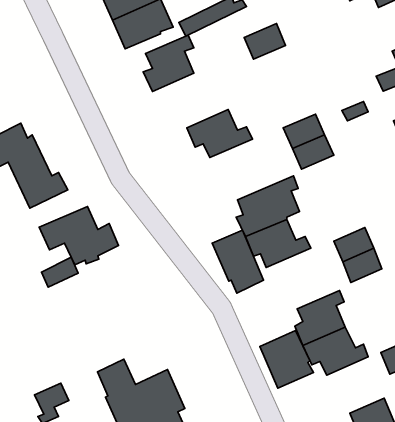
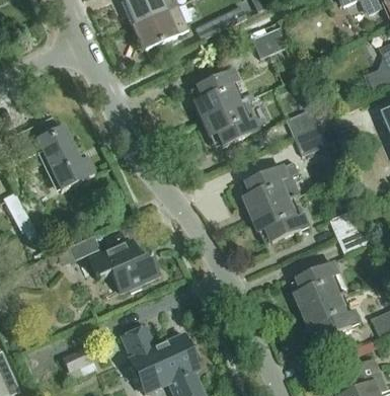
building: [143,35,194,91] -> [191,69,236,118]
building: [39,206,118,265] -> [87,239,157,291]
building: [212,230,264,293] -> none
building: [260,331,313,388] -> none

